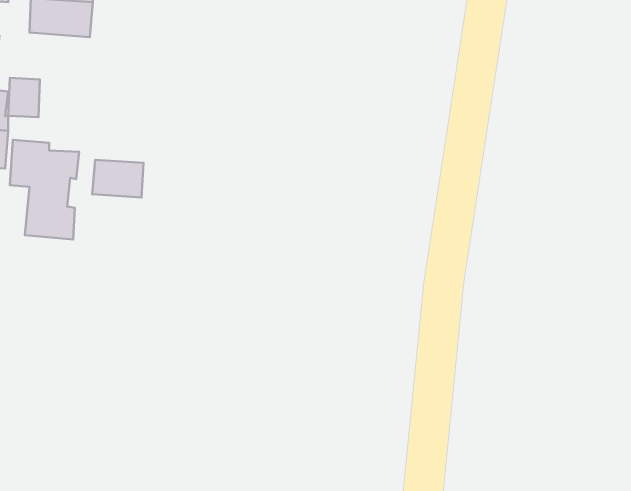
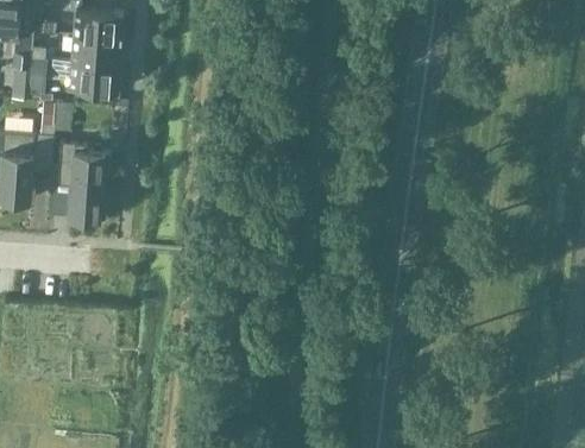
building: none -> [64,63,114,95]
building: [92,160,144,197] -> none

